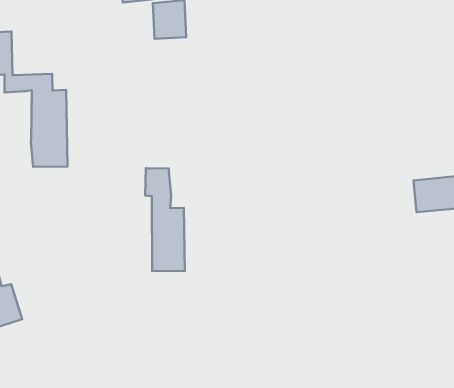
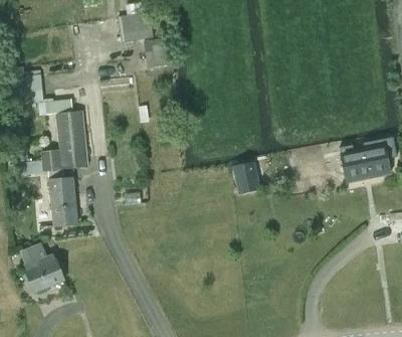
building: [145,168,185,271] -> [43,148,77,224]
building: none -> [231,164,257,191]

